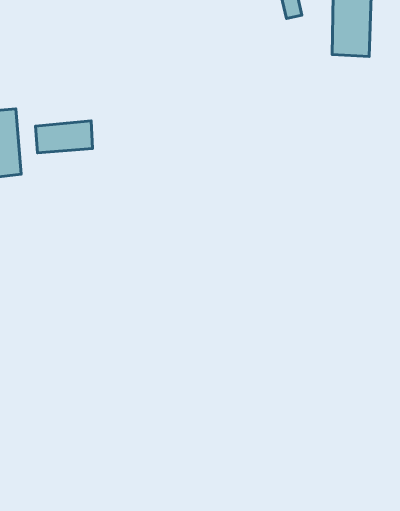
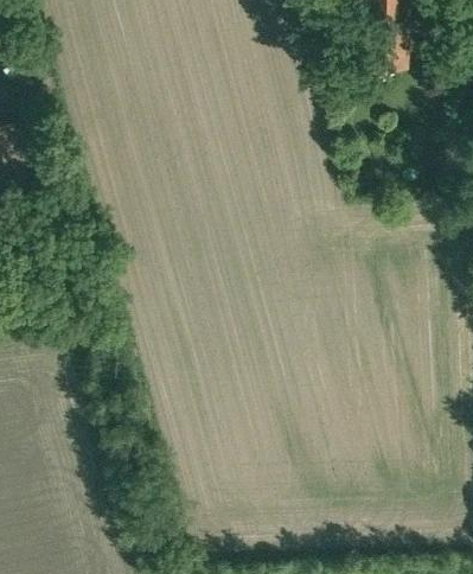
building: [35,121,92,153] -> none

